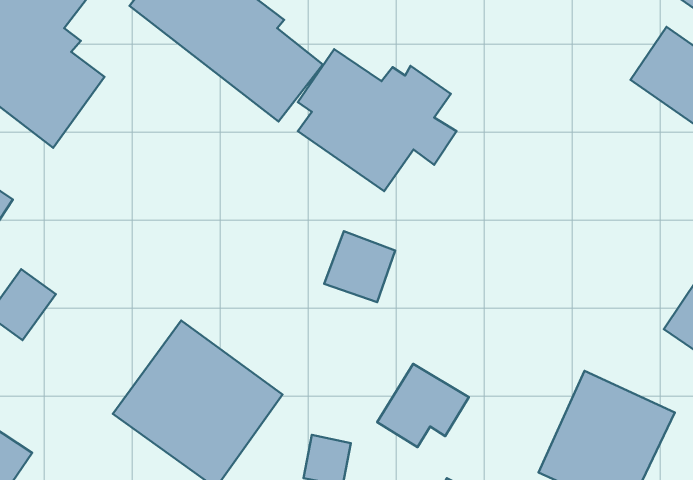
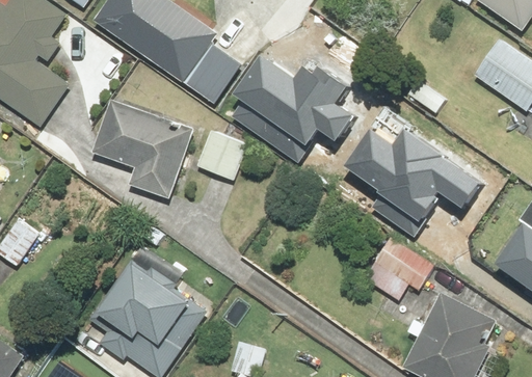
building: none -> [95,98,200,201]
building: none -> [337,127,474,235]
building: [324,231,395,302] -> [195,127,248,180]
building: [377,364,469,447] -> [367,239,435,301]

